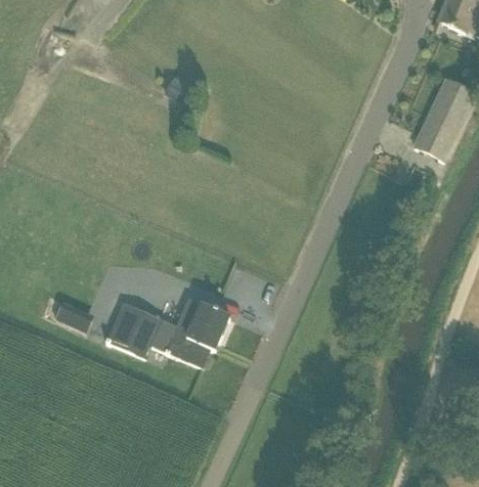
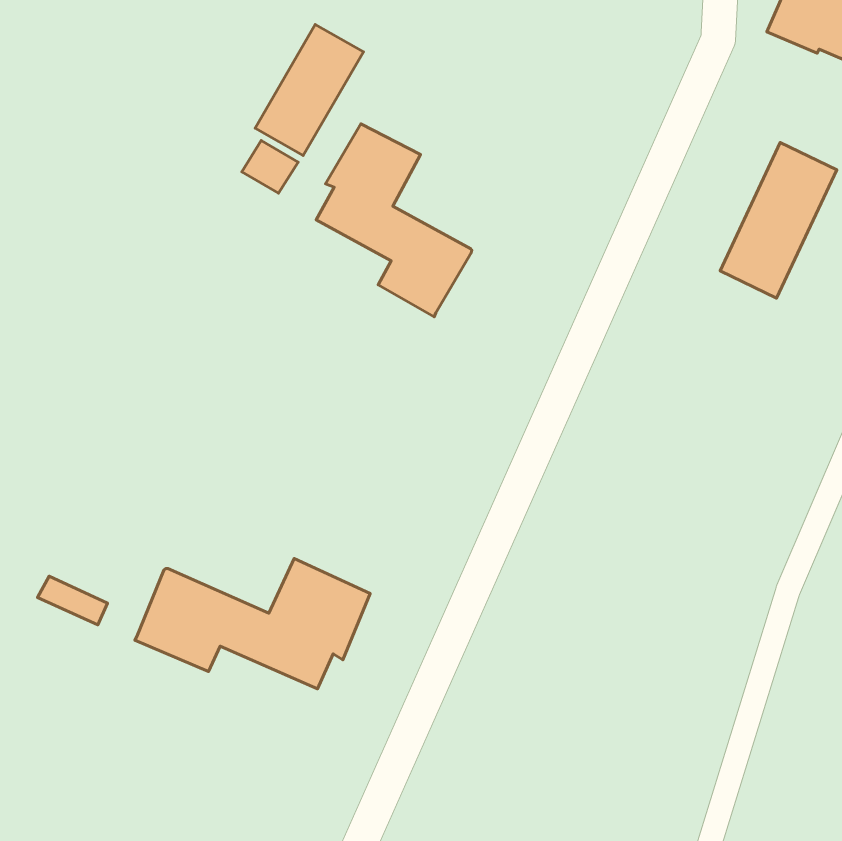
building: none -> [255,25,363,156]
building: none -> [316,124,472,317]

